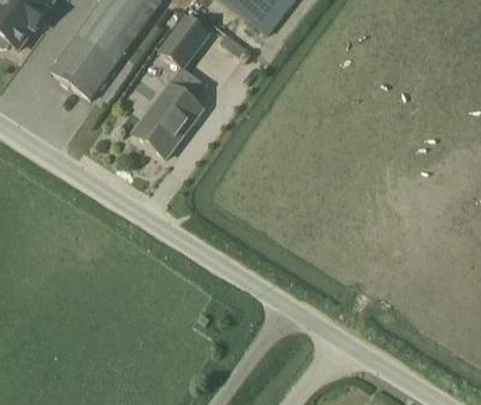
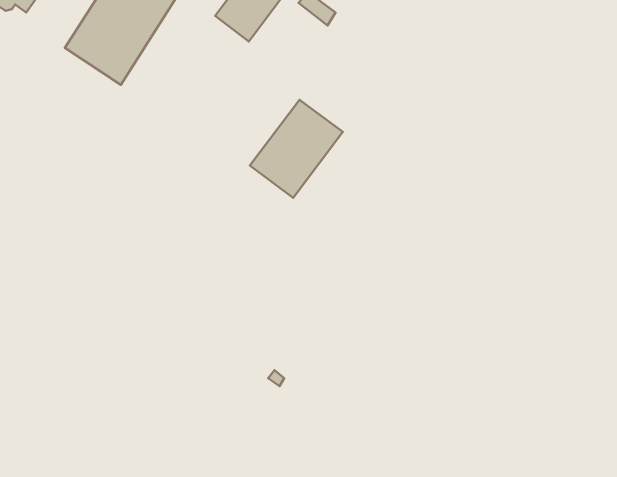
building: [137,84,205,157] -> [250,100,343,198]

